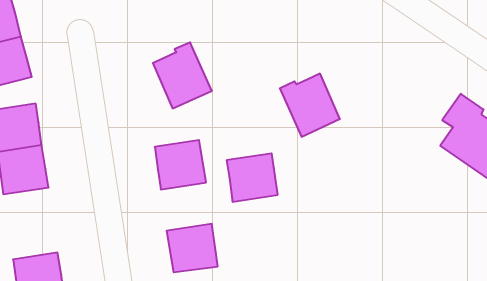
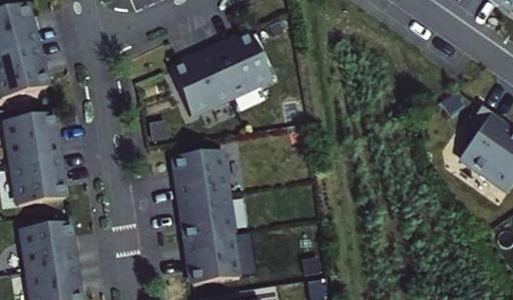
building: [280,74,340,137] -> [209,34,271,98]
building: [227,153,278,202] -> [179,192,231,241]
building: none -> [22,220,74,270]

